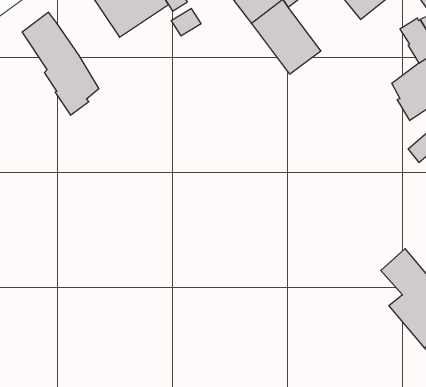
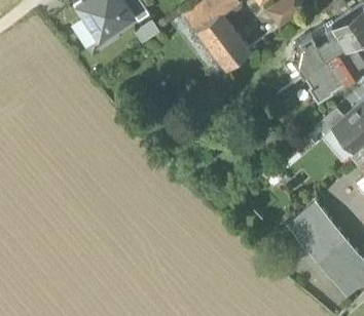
building: [22,12,99,115] -> none
building: none -> [291,36,324,77]

